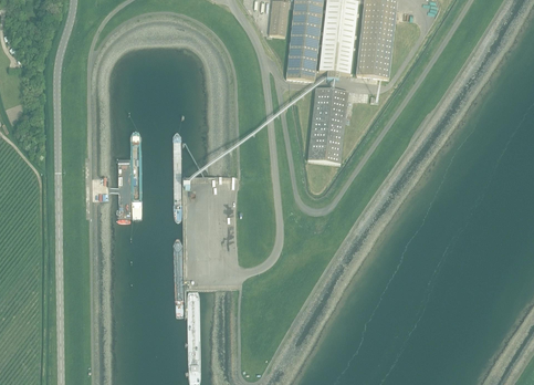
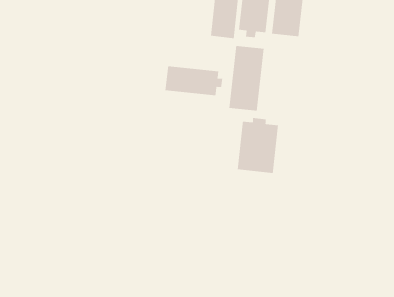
building: none -> [165,65,223,96]
building: none -> [237,117,278,174]

